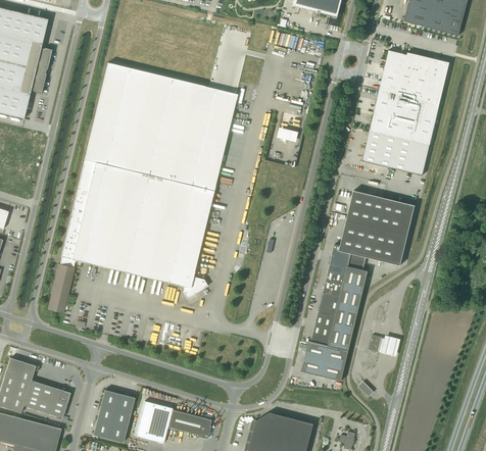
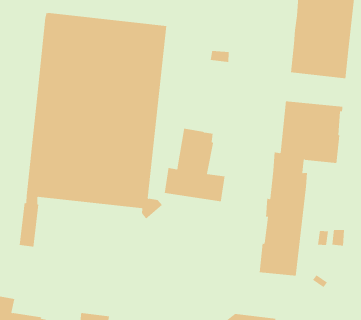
building: none -> [164,128,225,202]

